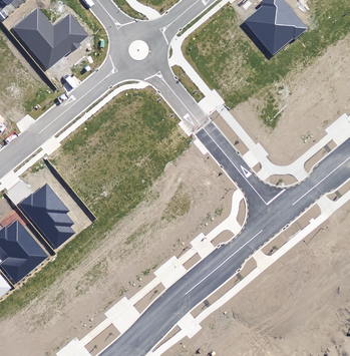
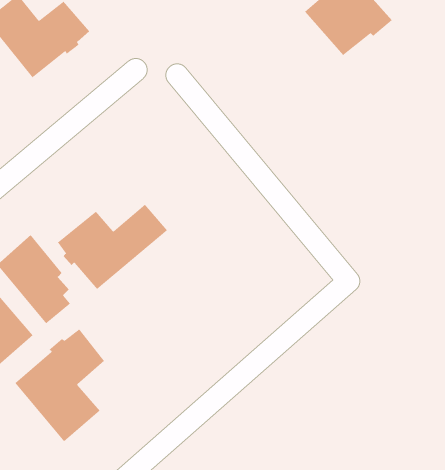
building: none -> [57,204,168,290]
building: none -> [14,328,105,442]

